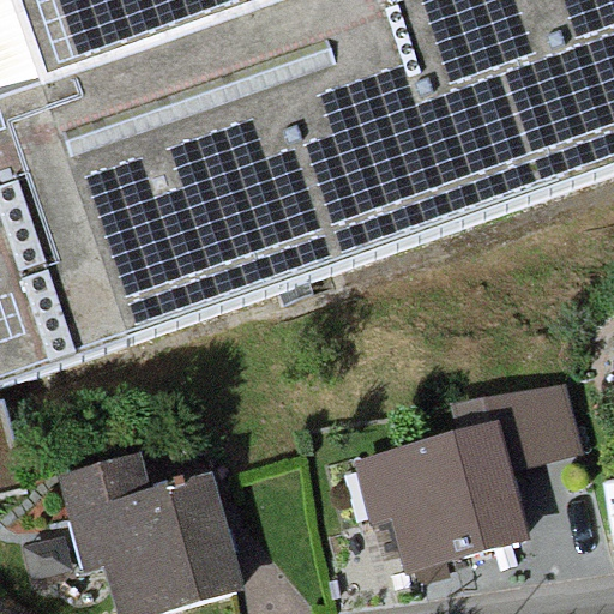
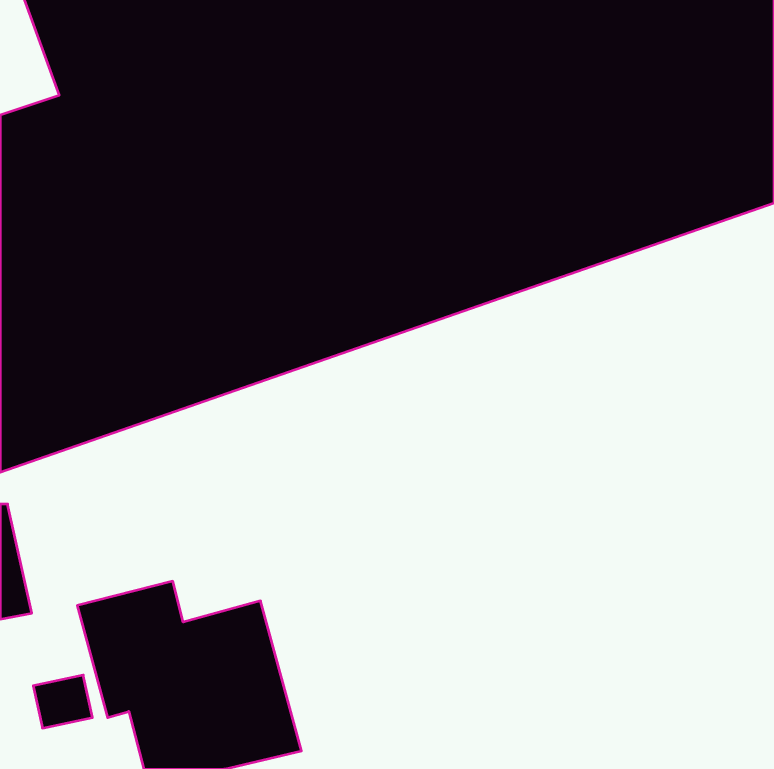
building: [354,385,585,573] -> none

